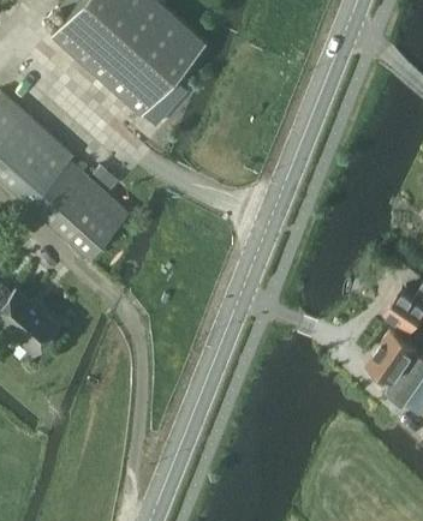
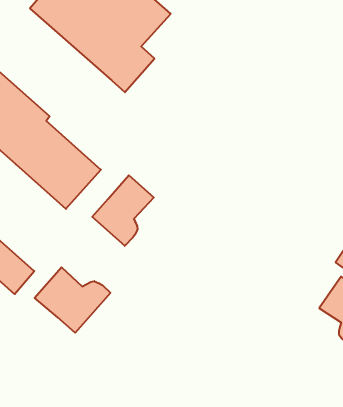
building: none -> [92,175,154,246]
building: none -> [35,267,110,333]

